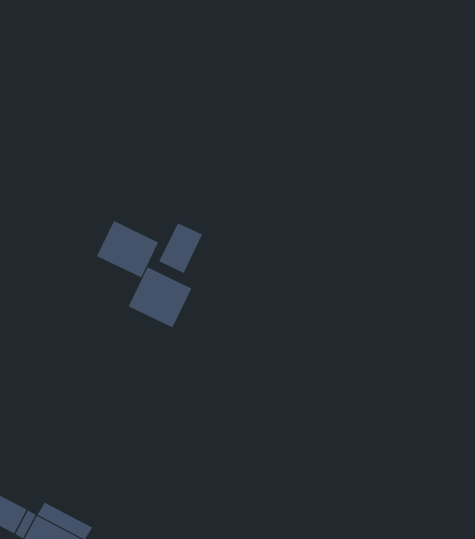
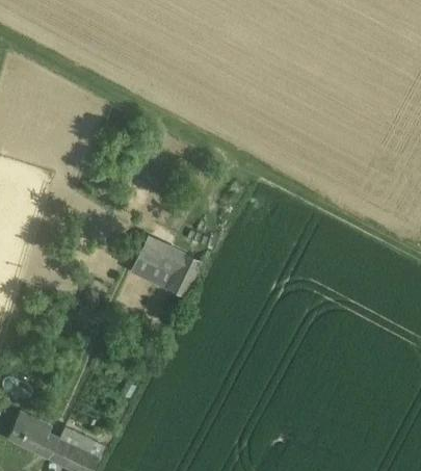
building: [96,220,159,278] -> none
building: [158,222,203,274] -> none

